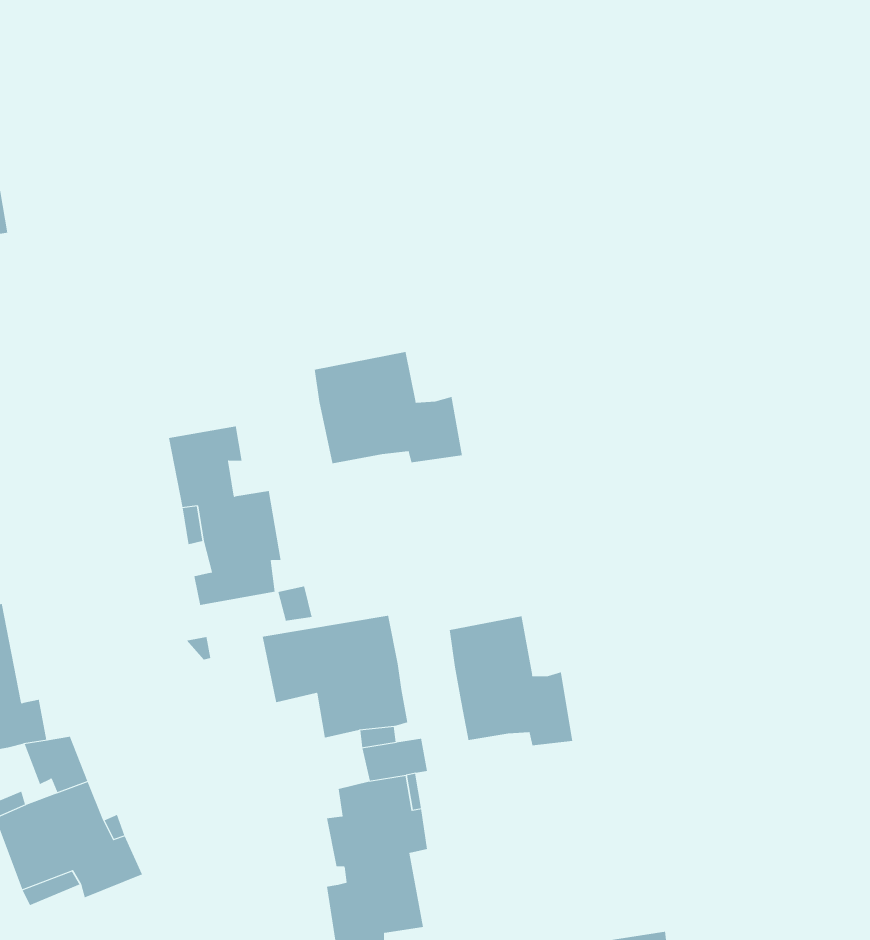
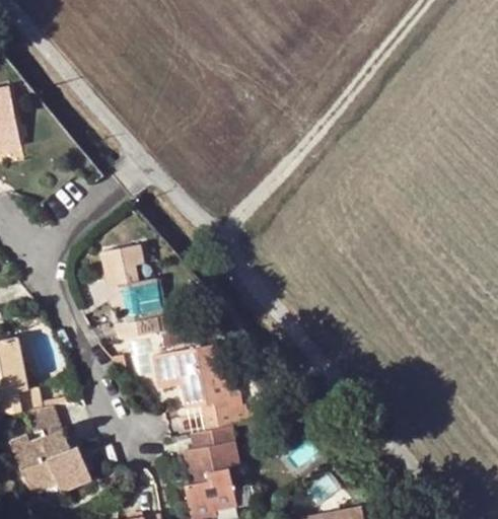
building: [314,351,463,464] -> none
building: [449,615,573,746] -> none

